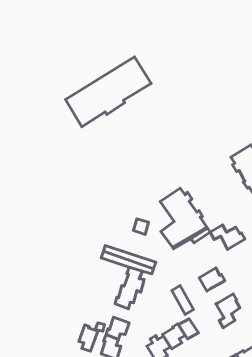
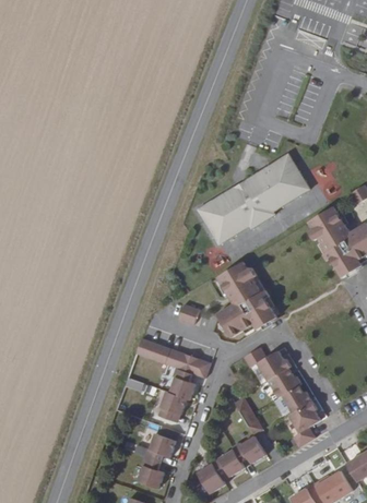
building: [65,57,151,127] -> [198,155,310,247]
building: [210,225,245,250] -> [244,348,289,381]
building: none -> [281,385,311,414]
building: [79,325,98,351] -> none

